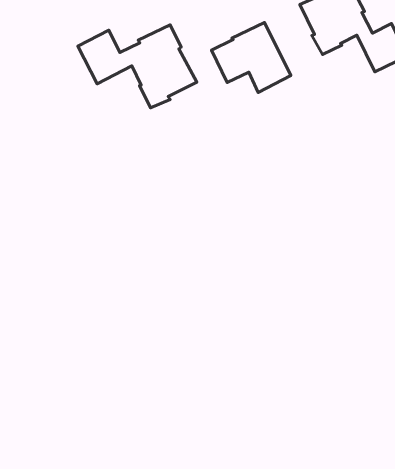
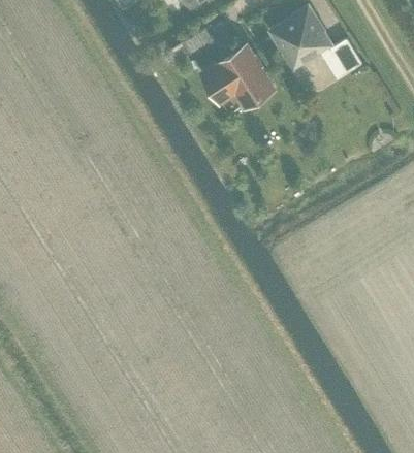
building: [78,25,197,108] -> none

